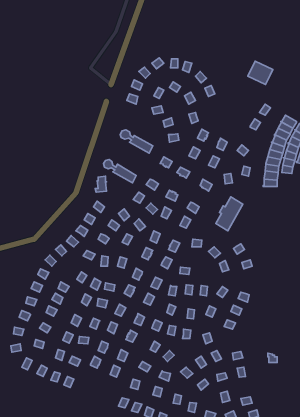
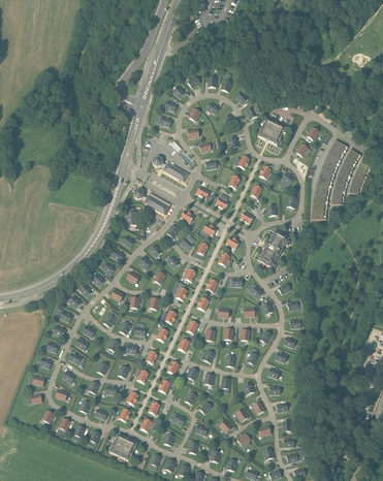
building: [248,61,273,84] -> [257,119,285,145]
building: none -> [109,435,136,460]

